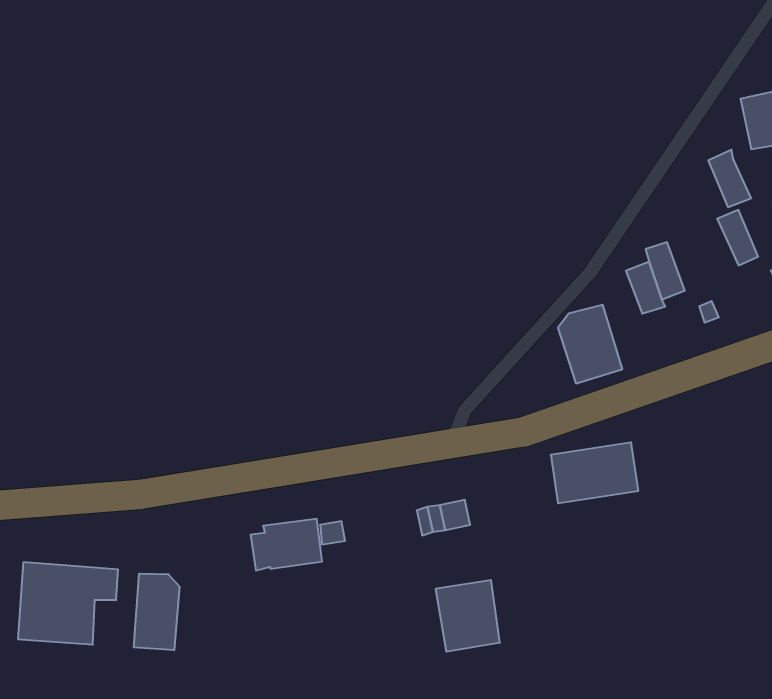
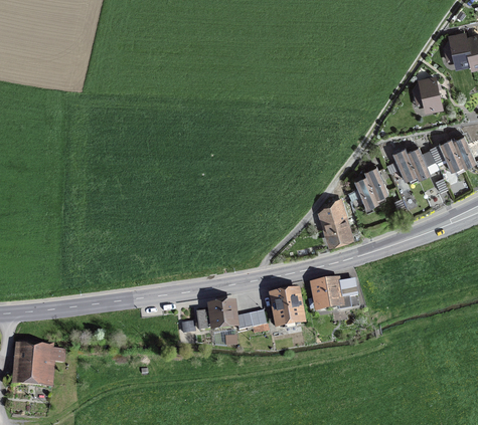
building: [708,150,751,207] -> [391,146,416,178]
building: [251,519,322,571] -> [195,300,235,330]
building: [134,574,180,650] -> none
building: [436,580,500,652] -> [268,285,304,326]

